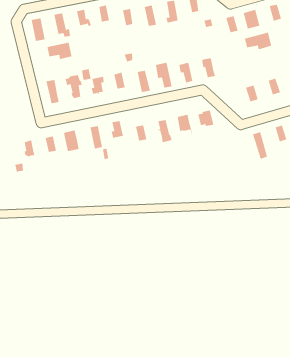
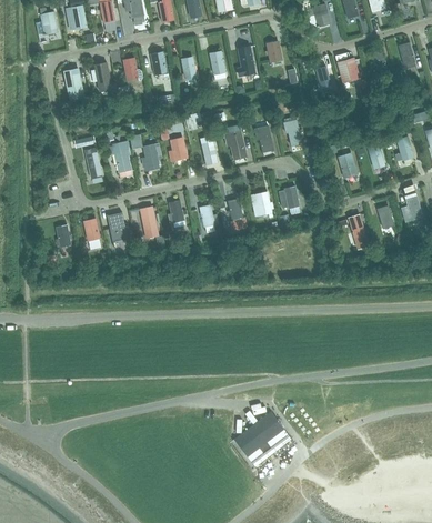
building: [244,32,272,50] -> none
building: [47,42,72,60] -> none
building: none -> [234,411,284,456]

